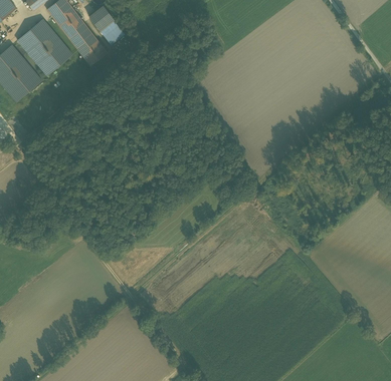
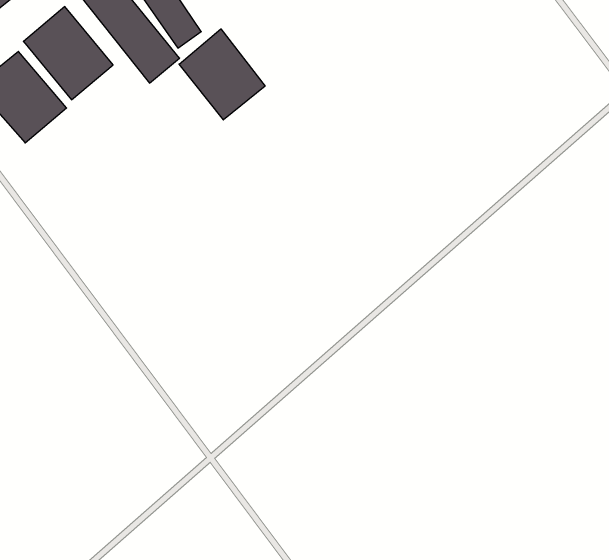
building: none -> [179,29,265,120]

